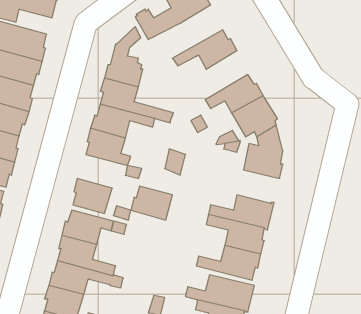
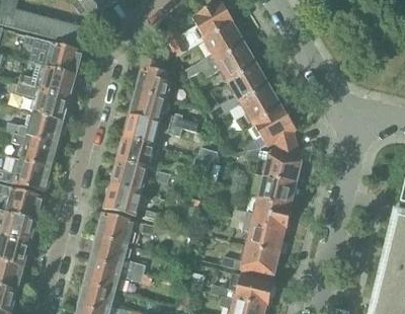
building: none -> [184,22,245,77]
building: none -> [208,65,268,120]
building: none -> [249,174,298,207]
building: [131,186,172,220] -> [110,161,149,192]

